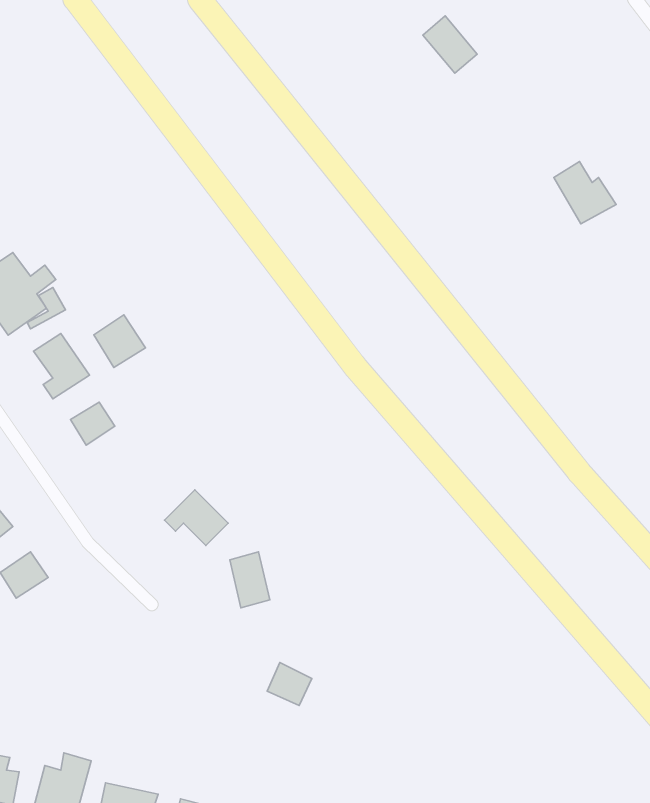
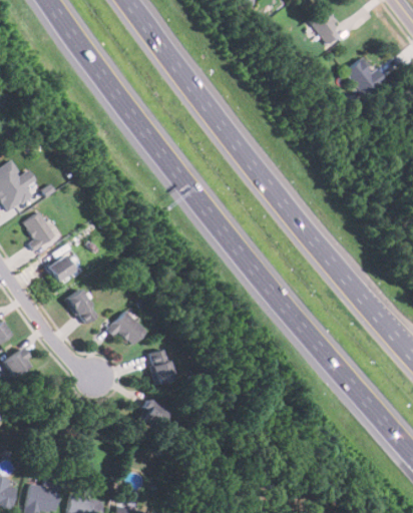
building: [423,16,477,73] -> [308,8,342,44]
building: [554,162,616,224] -> [346,59,385,98]
building: [94,315,145,367] -> none
building: none -> [65,289,98,326]
building: [267,663,312,706] -> [138,399,166,426]

